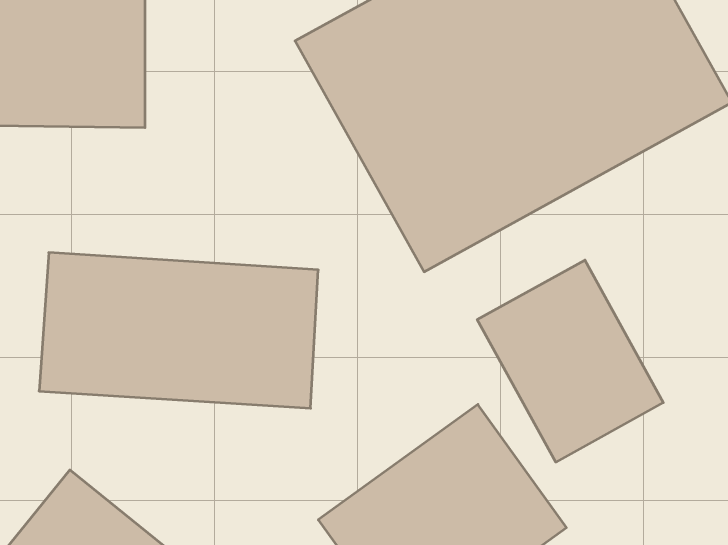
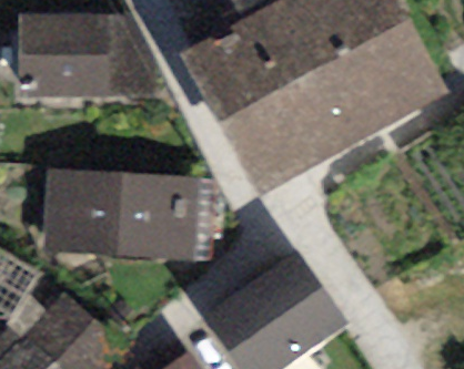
building: [477,260,663,462] -> none

